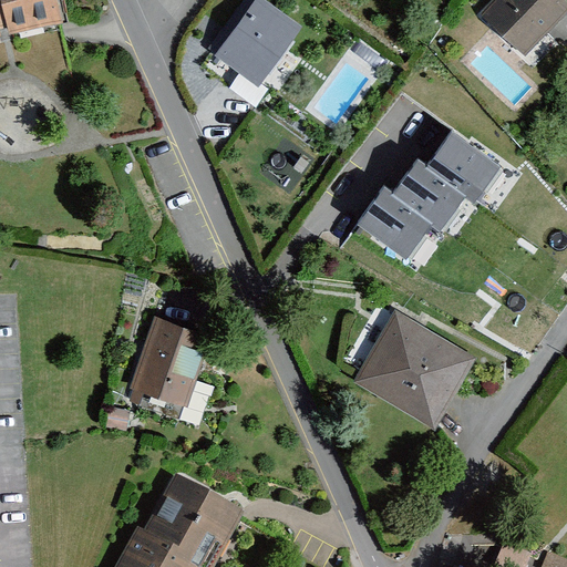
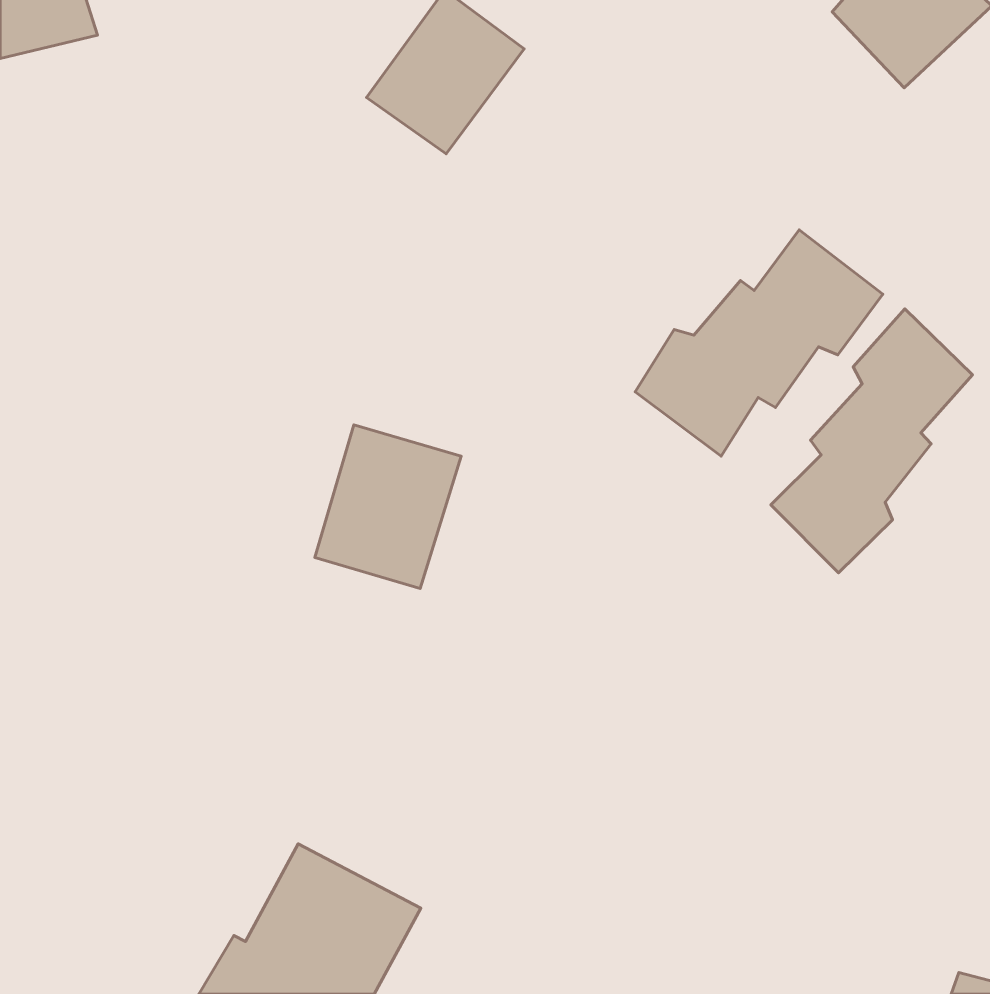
building: none -> [771,309,972,573]
building: [349,305,476,431] -> none
building: [124,319,207,412] -> [315,425,461,589]

